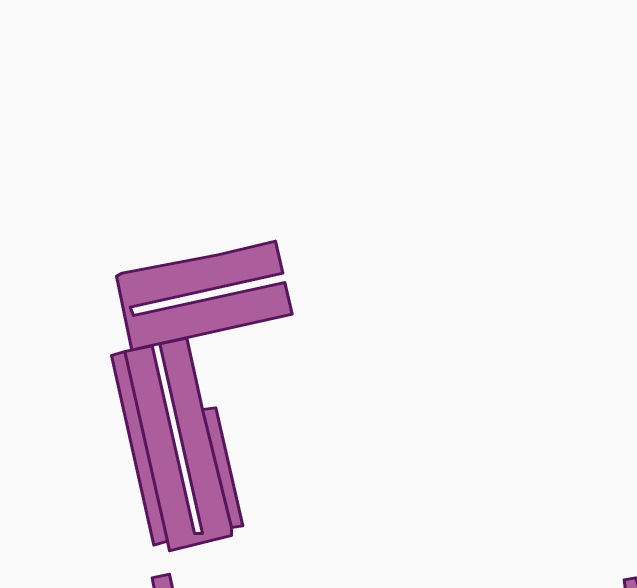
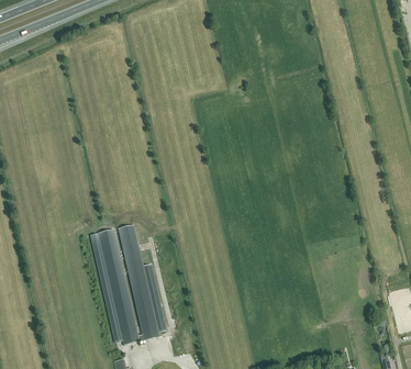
building: [117,241,292,350] -> none

